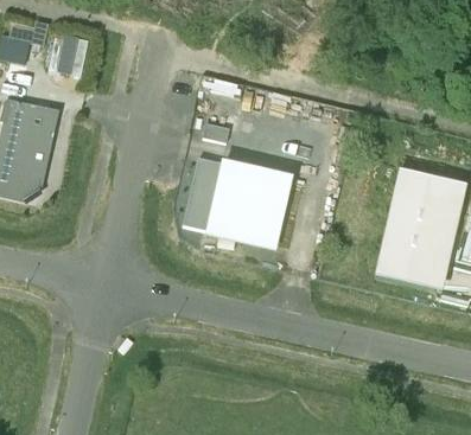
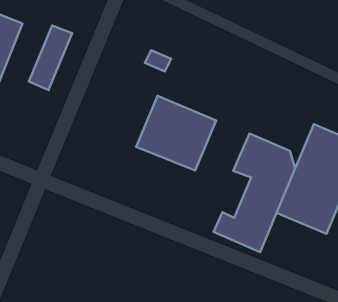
building: [184,158,223,230] -> [29,26,72,90]
building: none -> [213,134,295,252]

